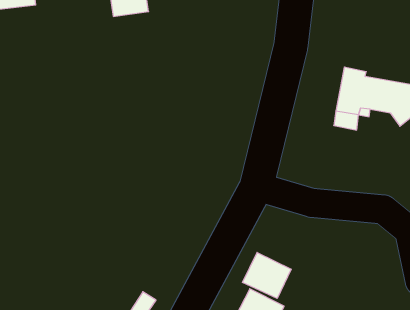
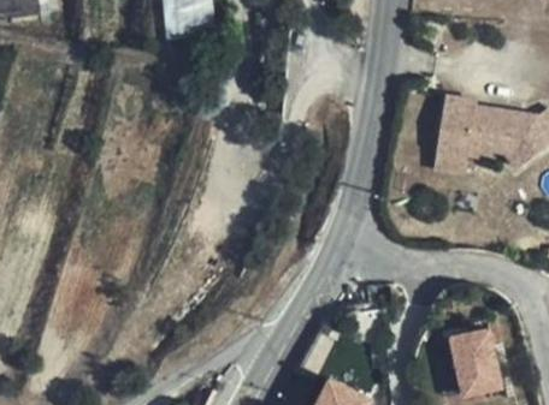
building: none -> [451,326,503,394]
building: [242,252,291,298] -> none

